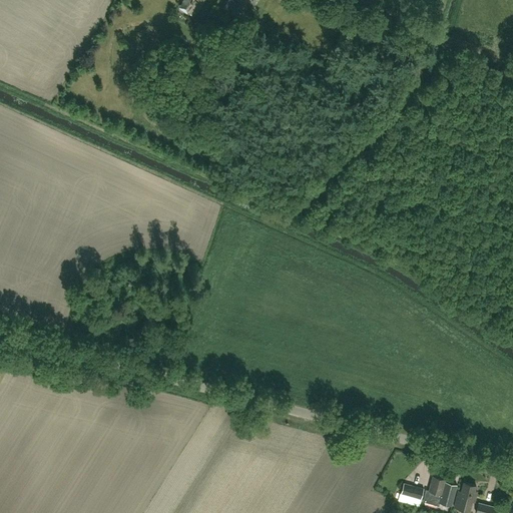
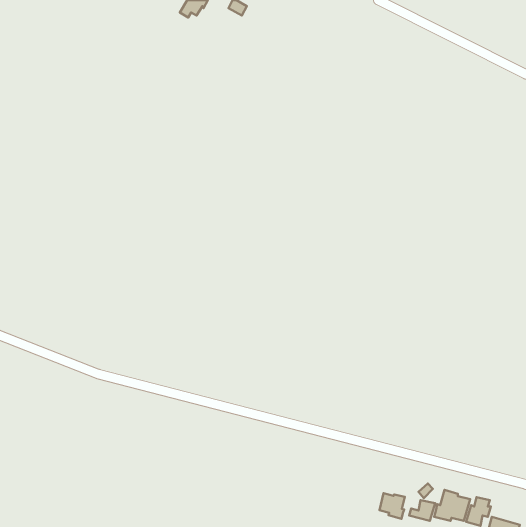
building: none -> [379,493,405,519]

